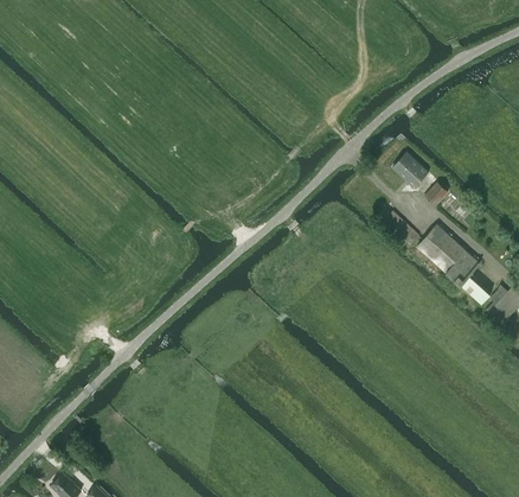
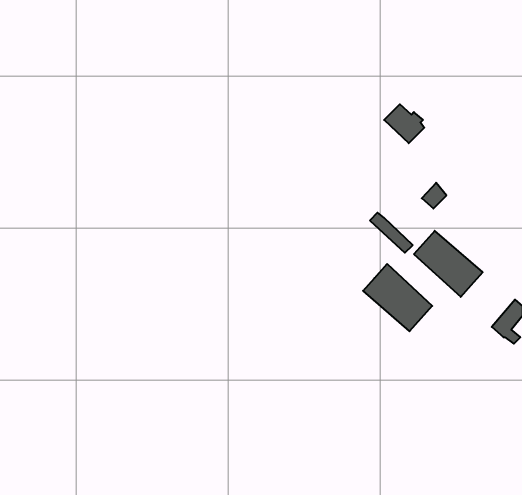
building: [392,151,429,186] -> [384,104,424,143]
building: none -> [363,264,432,331]

